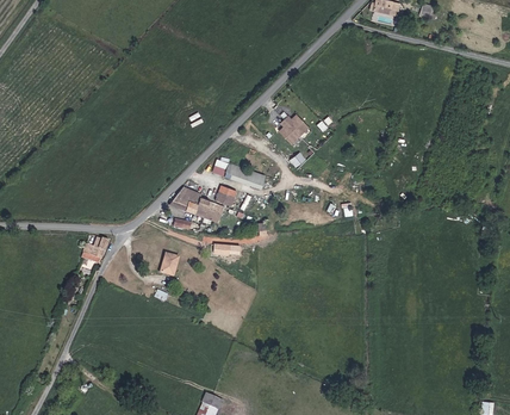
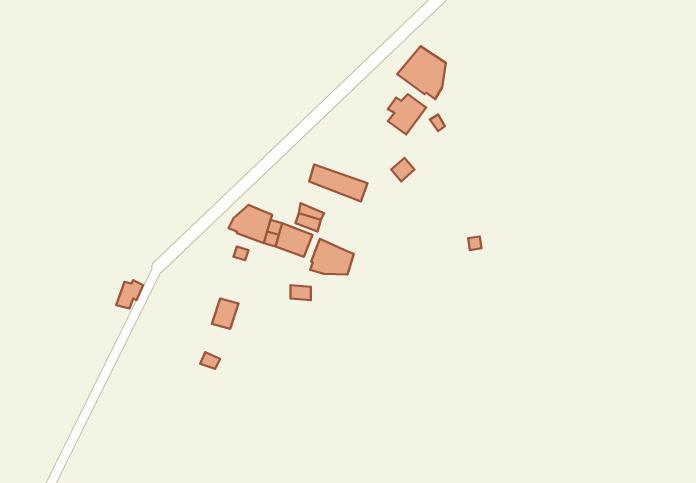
building: none -> [397,46,446,99]
building: none -> [310,239,354,275]

